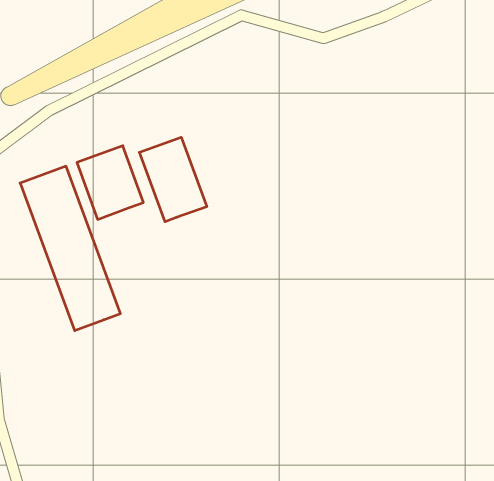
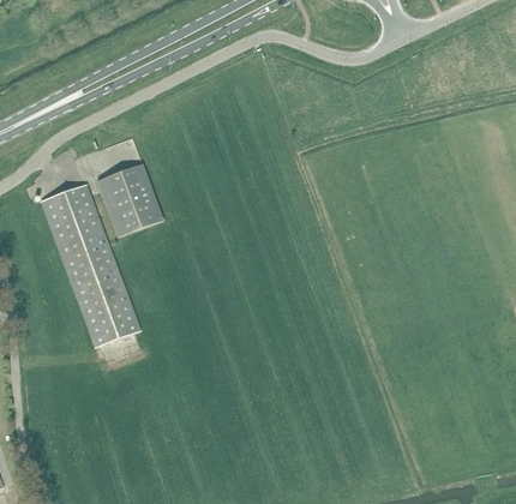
building: [139,137,207,222] -> none

